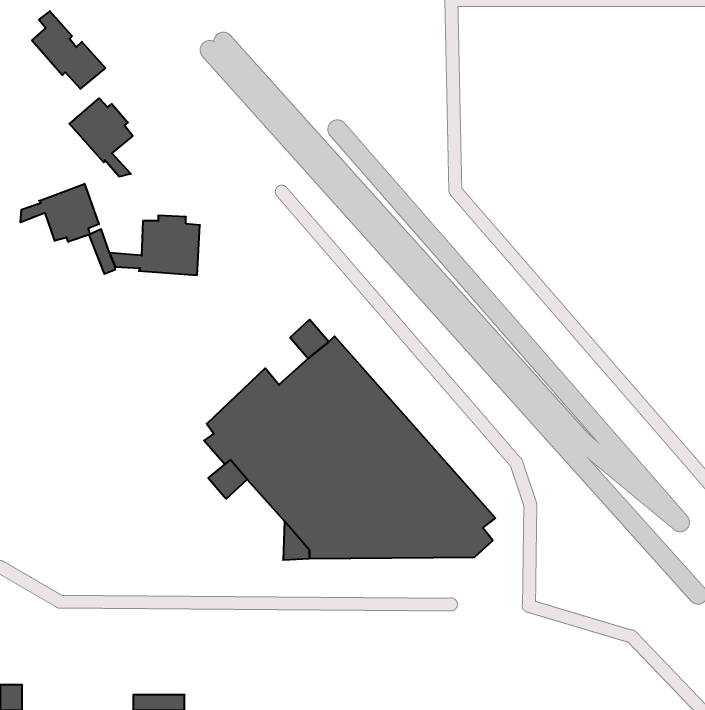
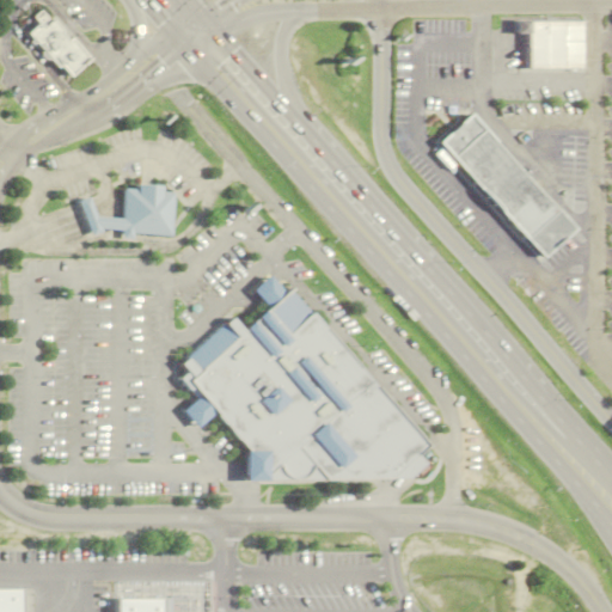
building: [69,98,133,177] -> none
building: none -> [441,112,577,257]
building: [20,184,99,242] -> none

